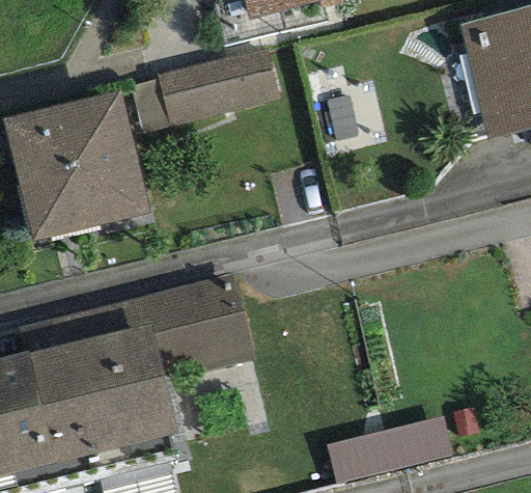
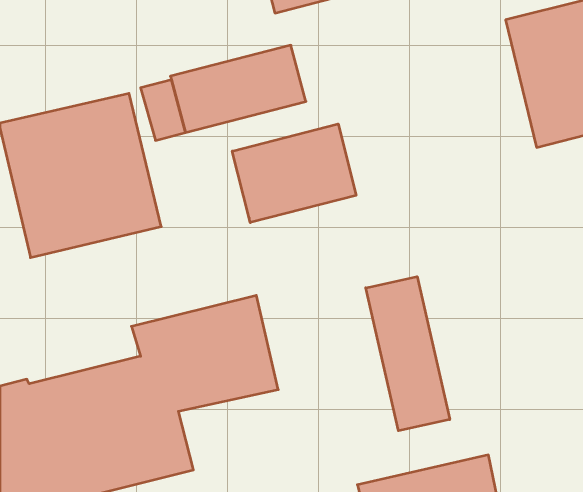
building: none -> [232,124,356,223]
building: none -> [366,277,450,431]

